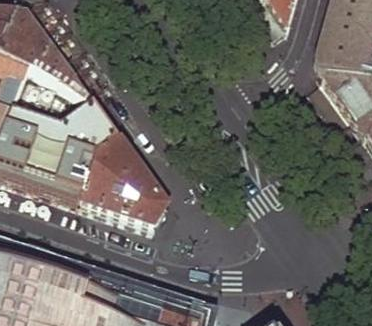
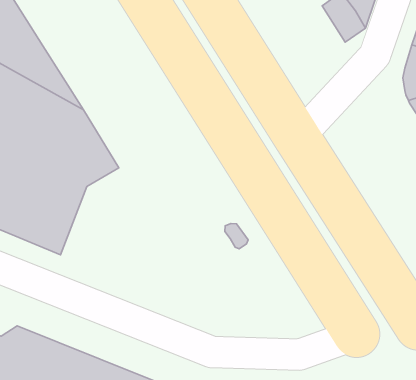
building: [79,135,167,224] -> none

